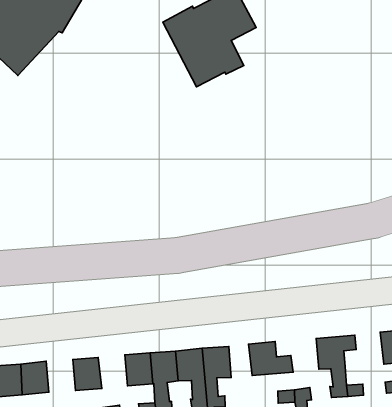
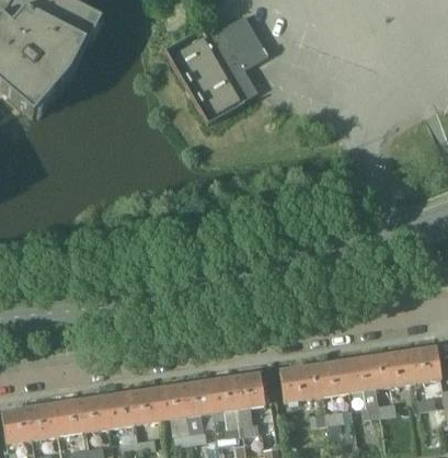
building: none -> [375,350,415,386]
building: none -> [306,359,351,394]
building: none -> [130,387,161,422]
building: none -> [79,394,110,428]

